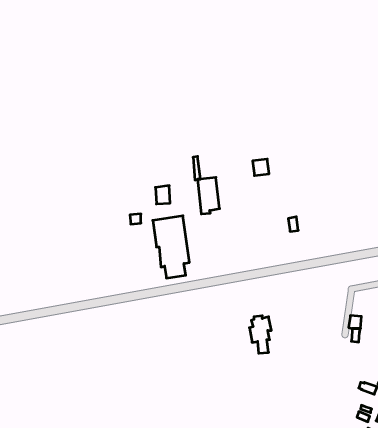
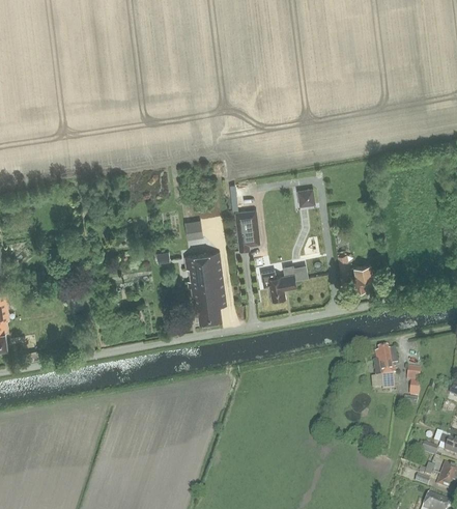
building: none -> [353,263,376,289]
building: none -> [261,268,296,299]
building: [249,316,271,353] -> [373,345,398,388]

